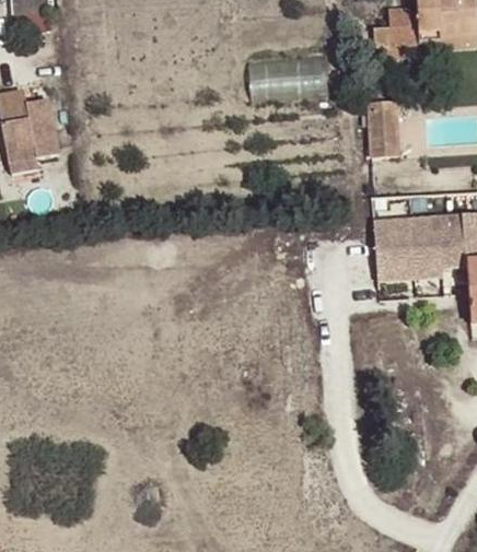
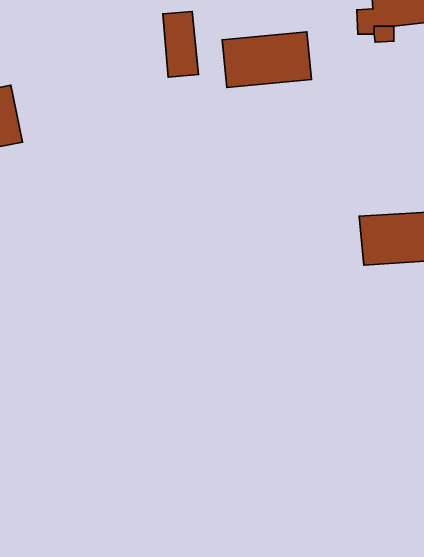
building: none -> [163,11,199,77]
building: [370,101,397,154] -> none

